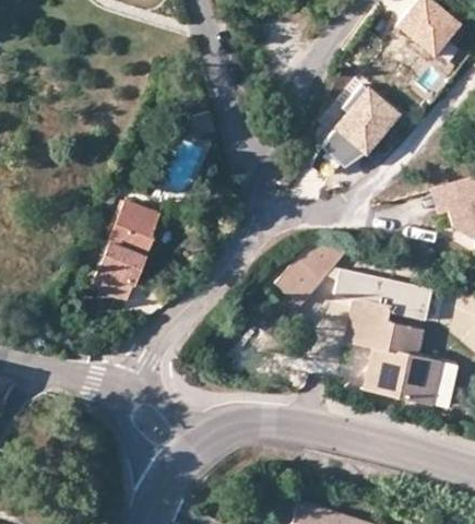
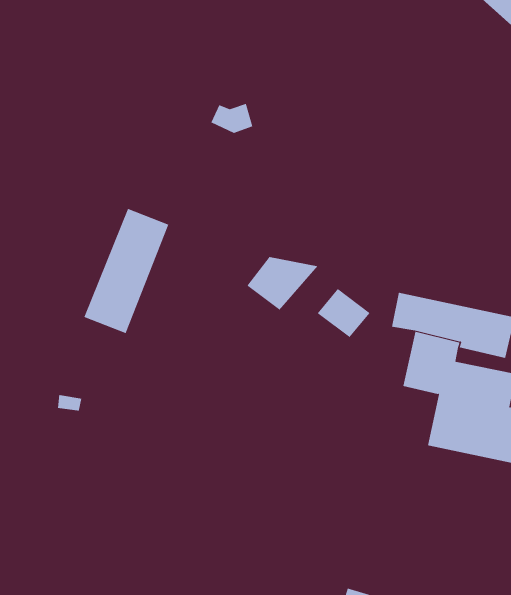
building: [310,94,392,183] -> none
building: [294,241,351,284] -> [247,257,318,310]

